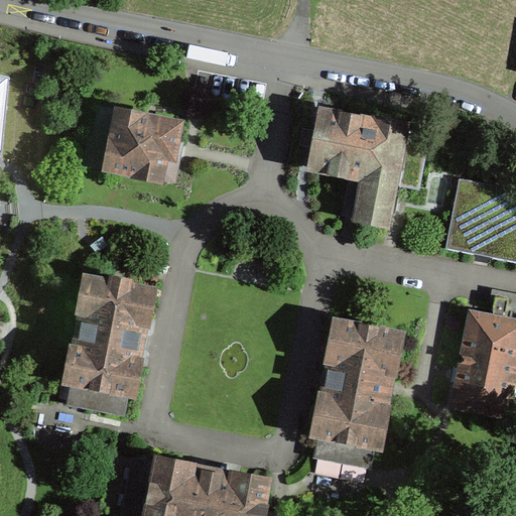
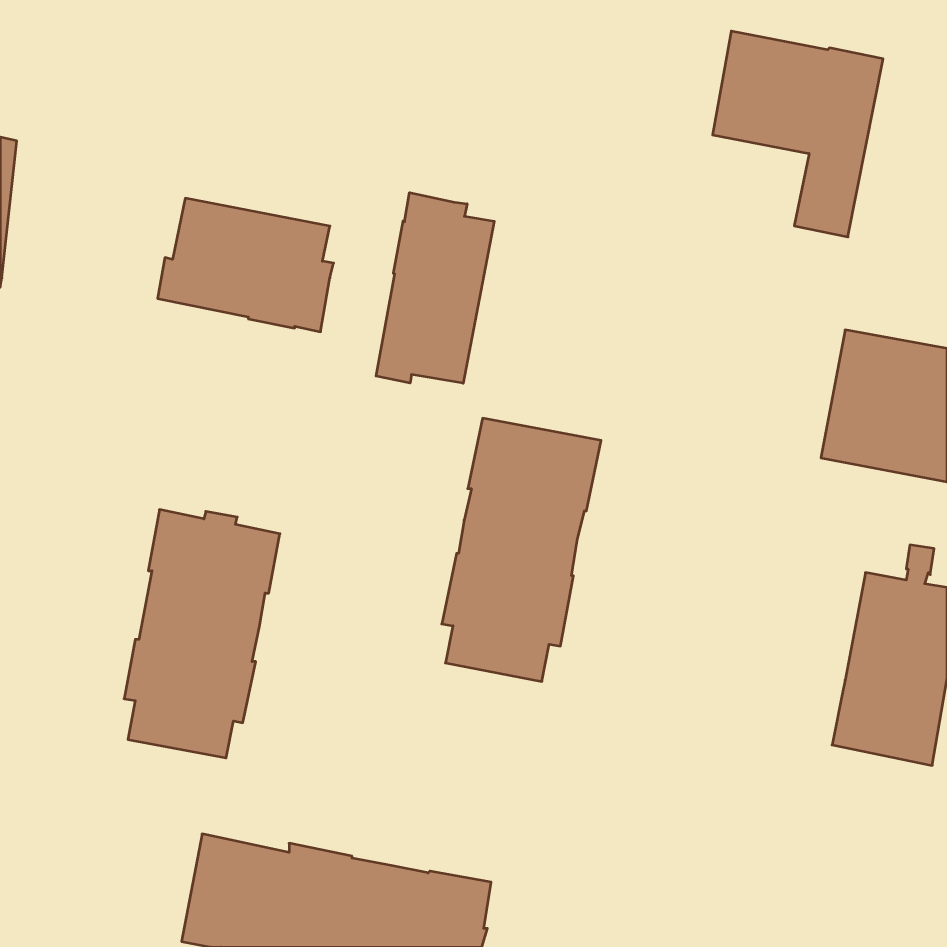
building: none -> [376,193,494,383]
building: [312,111,405,223] -> [713,31,883,237]
building: [314,321,401,465] -> [442,418,601,681]

